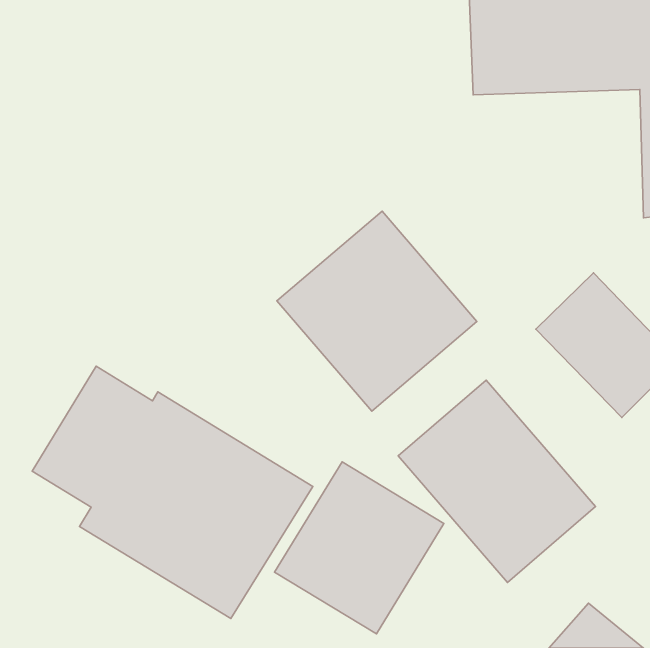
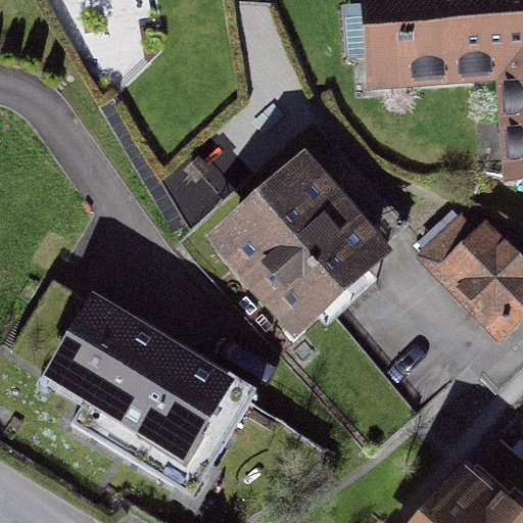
building: [398,380,596,582] -> none
building: [275,462,444,634] -> none

